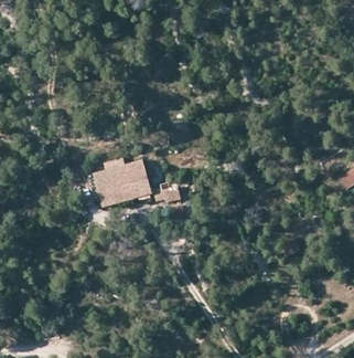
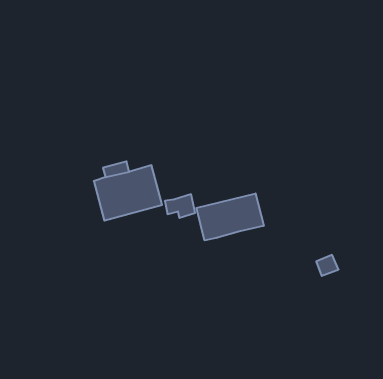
building: none -> [196,193,264,240]

